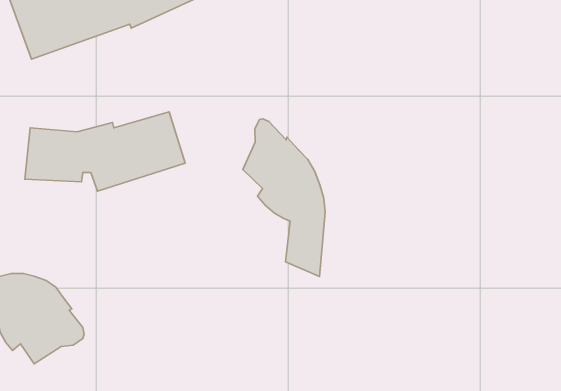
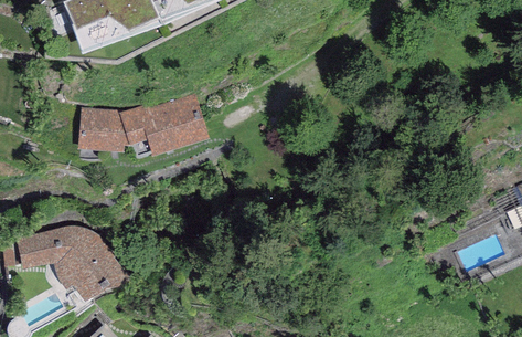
building: [243,119,325,276] -> none

